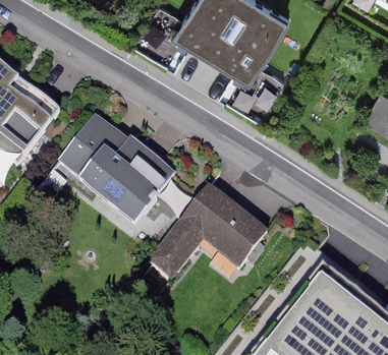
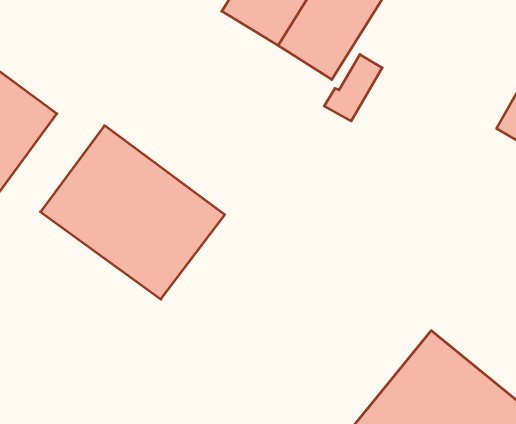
building: [148,185,272,285] -> none

